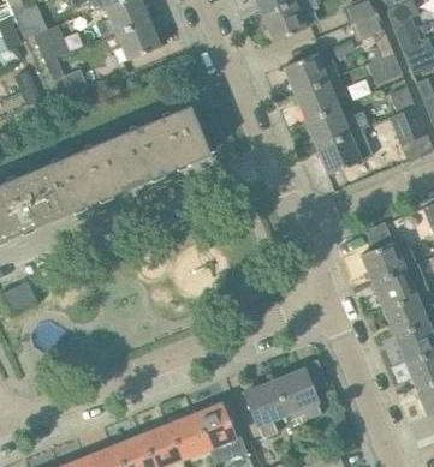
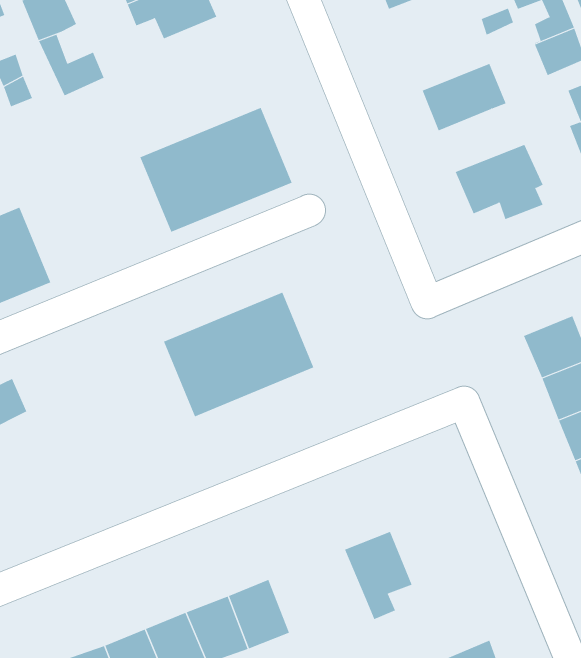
building: [284,48,339,94] -> none
building: [305,106,370,146] -> none
building: [32,137,131,218] -> [163,292,314,417]
building: [274,369,322,426] -> none
building: [195,401,240,457] -> none

